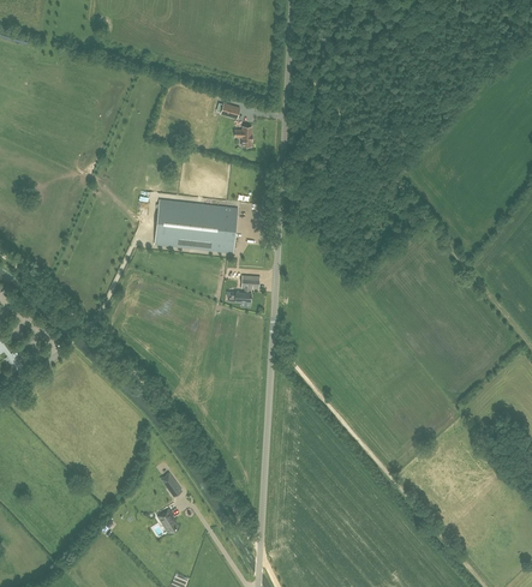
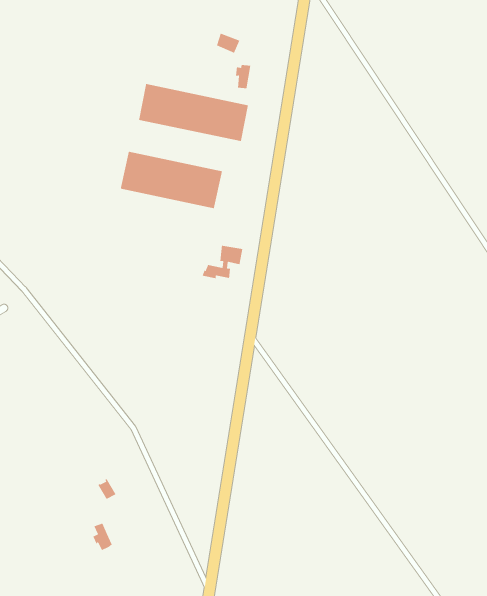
building: none -> [138,83,249,142]

